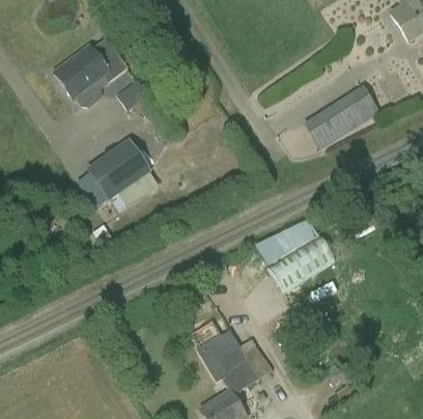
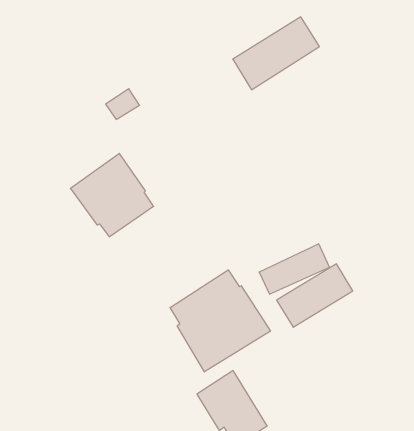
building: [55,37,128,108] -> none
building: [303,85,379,149] -> [233,17,319,90]
building: none -> [170,270,270,372]

